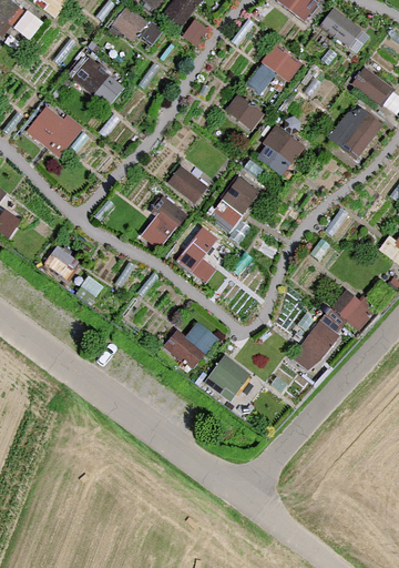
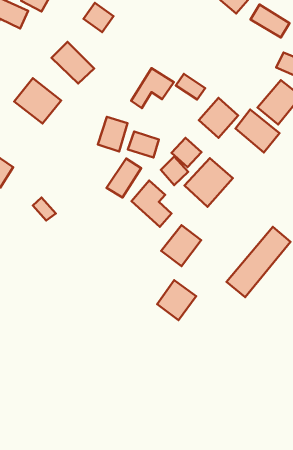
building: [249,43,303,93] -> [131,68,174,108]
building: none -> [235,109,279,152]
building: none -> [98,117,127,152]
building: none -> [184,158,233,207]
building: [167,317,217,368] -> [161,225,201,266]

